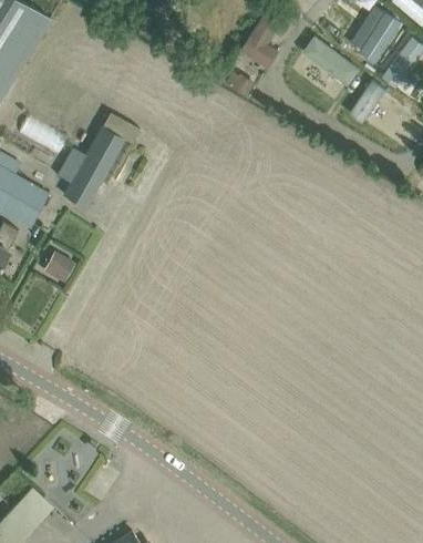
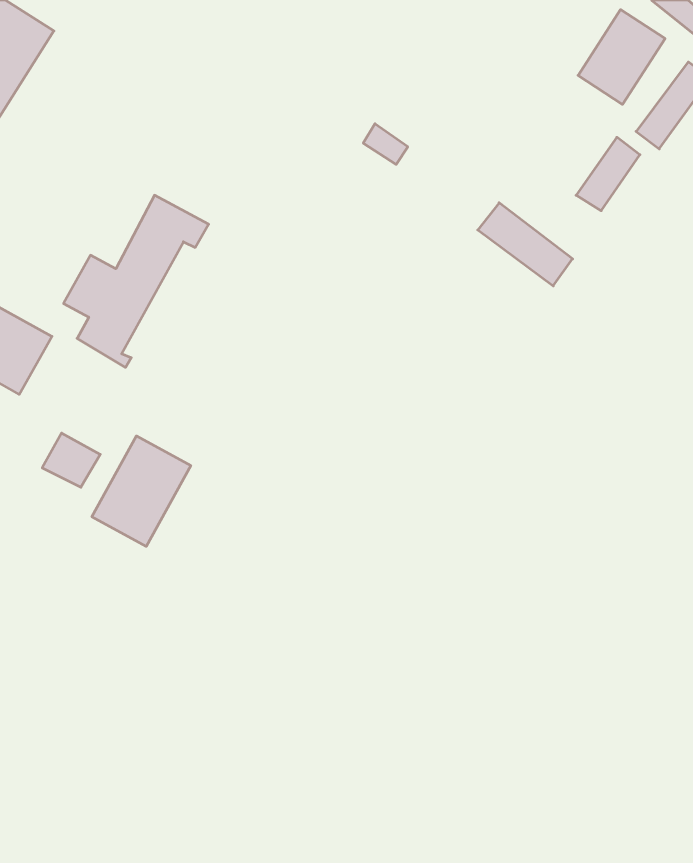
building: [243,13,280,68] -> none
building: [303,38,358,85] -> [478,203,573,286]
building: none -> [92,436,191,546]

